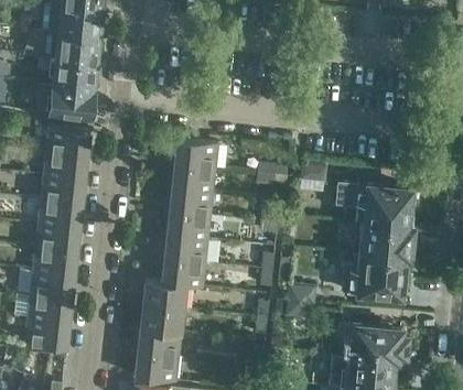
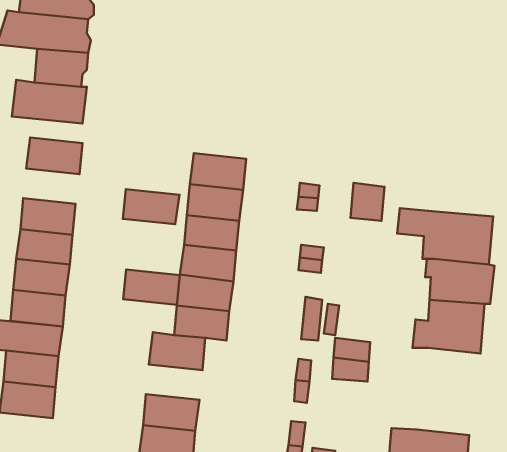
building: [44,153,88,181] -> [123,189,179,224]
building: [140,306,184,334] -> [123,270,180,305]
building: [337,325,401,362] -> none

